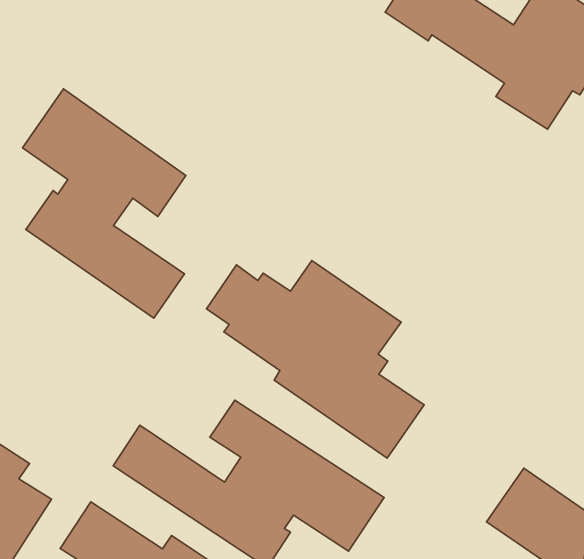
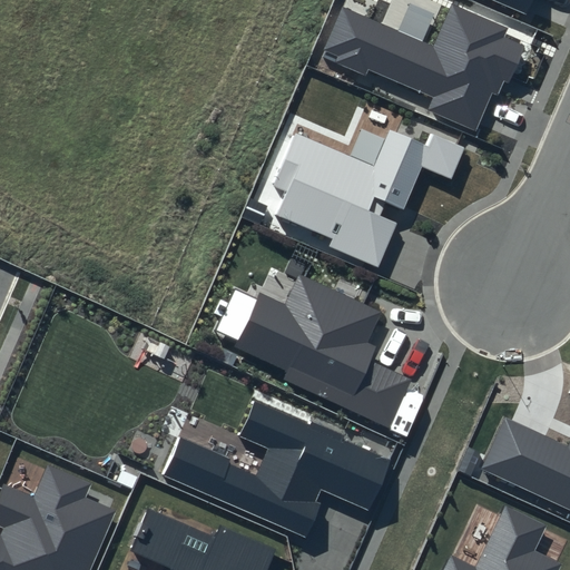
building: [23,89,186,318] -> none
building: none -> [273,130,465,265]

